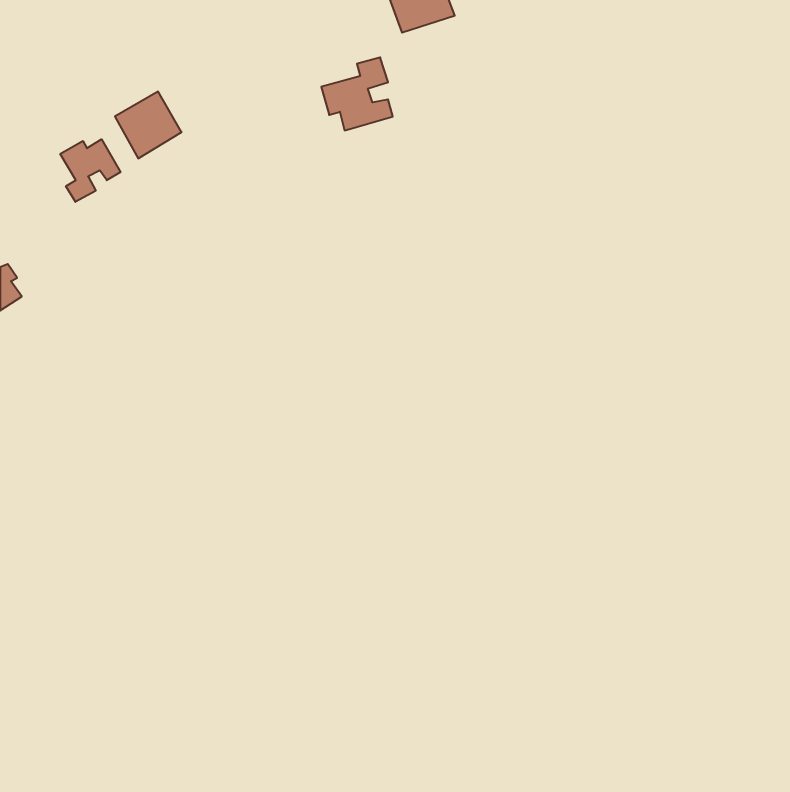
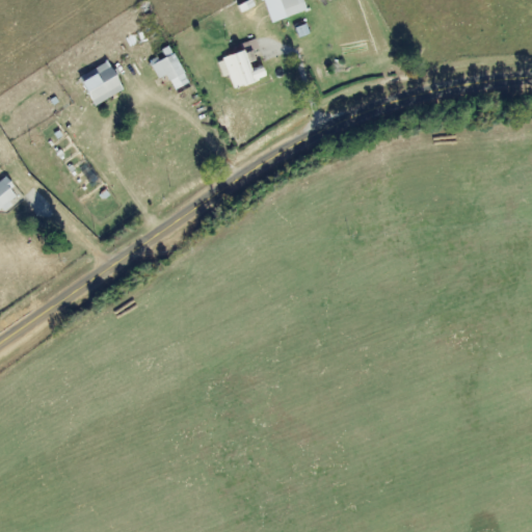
building: none -> [152,45,187,89]
building: [60,139,120,202] -> none

